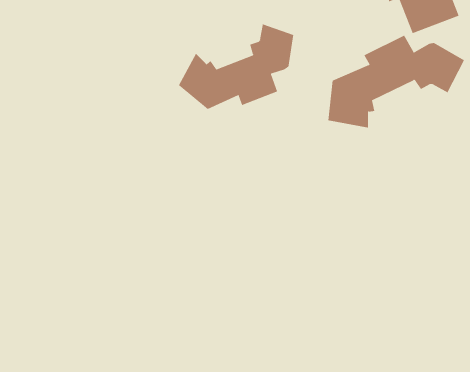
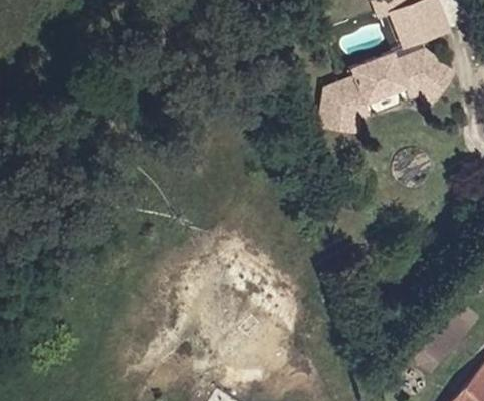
building: [178,24,294,110] -> none

